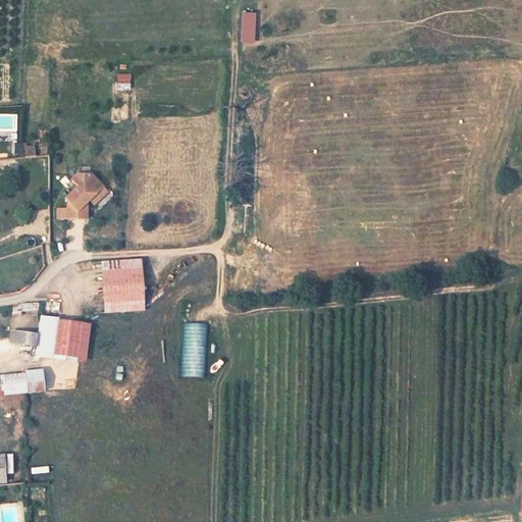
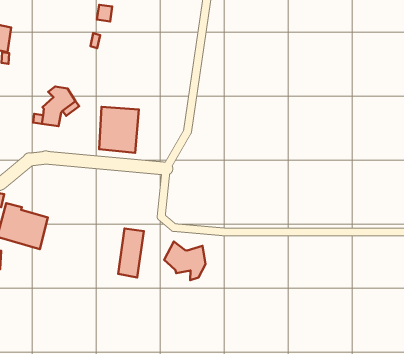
building: [101,258,147,310] -> [99,107,139,153]
building: none -> [164,242,206,280]

